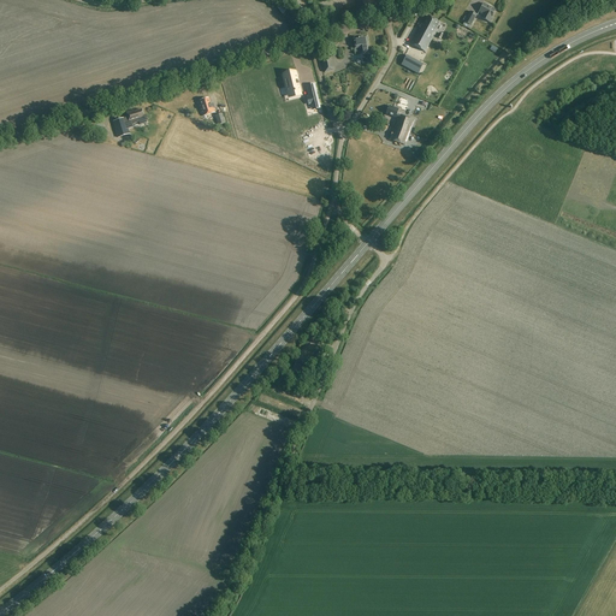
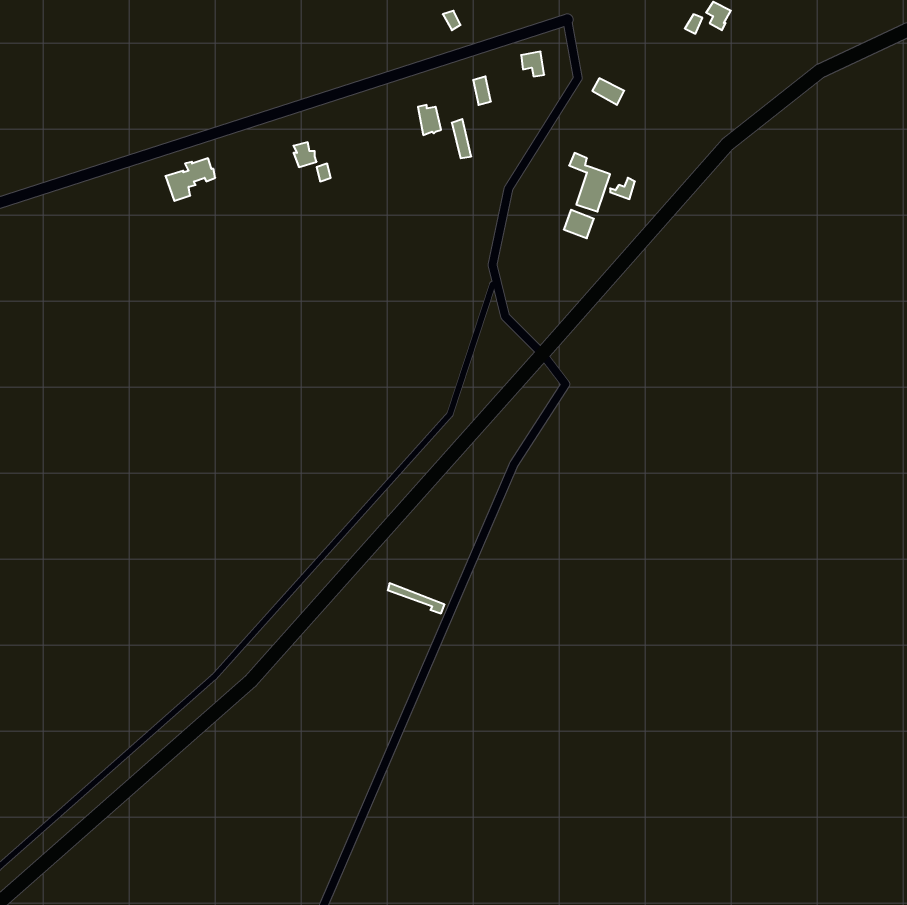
building: [409,13,438,49] -> none

